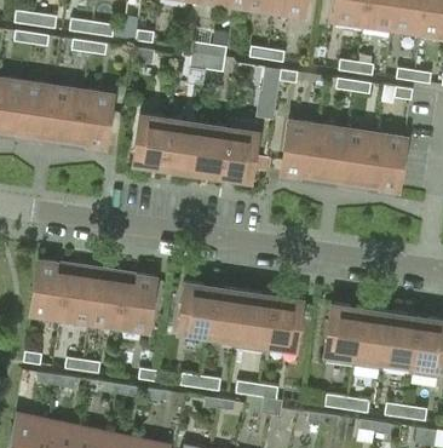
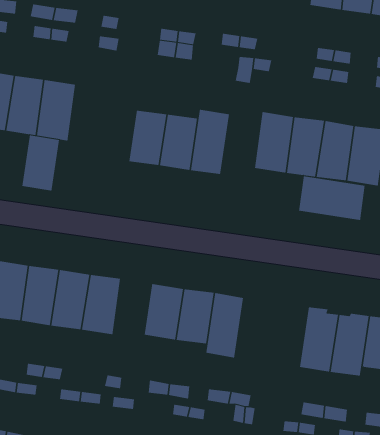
building: [133,114,169,167] -> [21,135,60,191]
building: none -> [299,175,365,221]
building: [263,295,301,352] -> none

